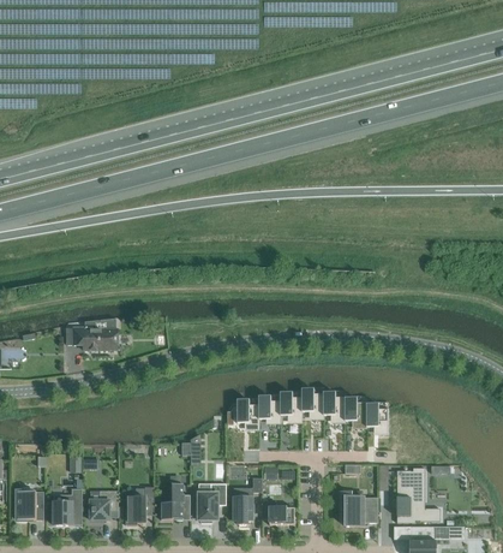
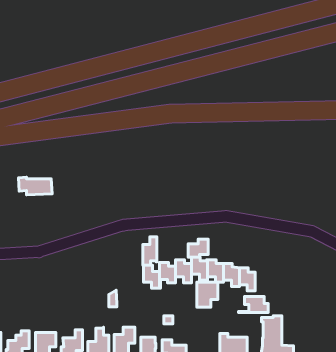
building: [72,326,118,350] -> [18,177,52,195]
building: none -> [143,237,157,265]
building: none -> [188,239,208,257]
building: none -> [197,282,218,307]
building: none -> [239,296,268,312]

